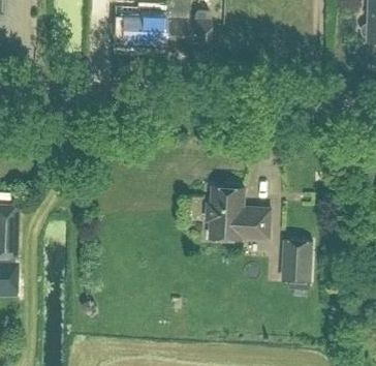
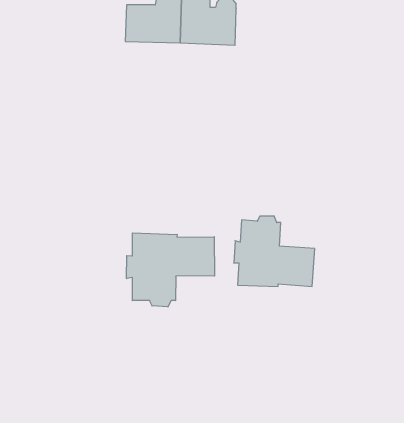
building: none -> [127,233,215,307]
building: [285,242,312,284] -> none

